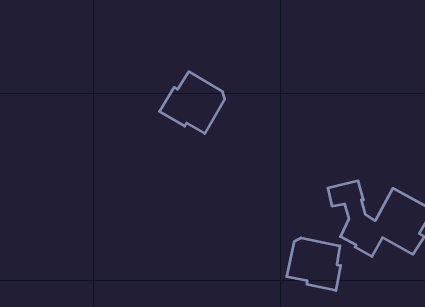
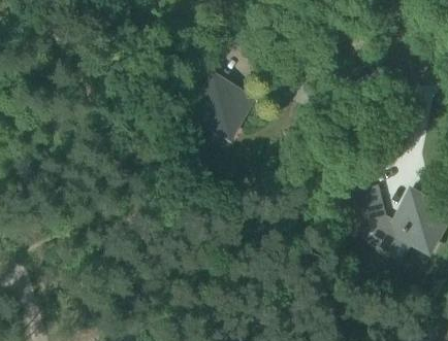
building: [287,238,341,291] -> none

